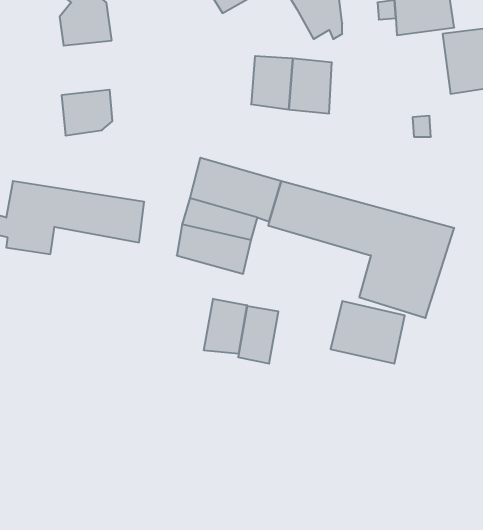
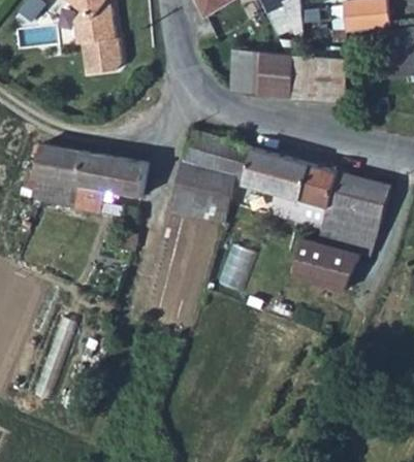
building: none -> [291,55,347,101]
building: [62,90,112,135] -> [81,37,121,73]
building: [204,299,247,354] -> none

